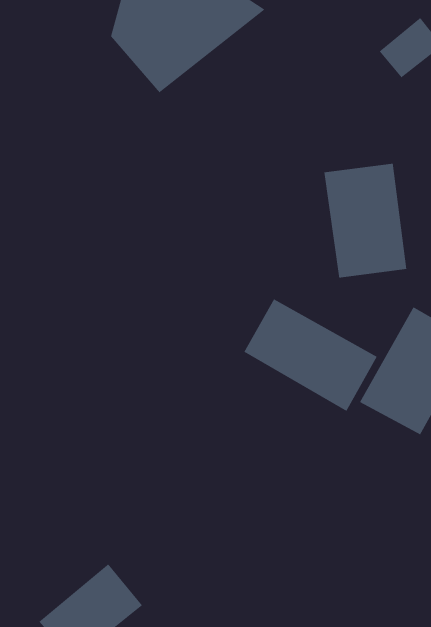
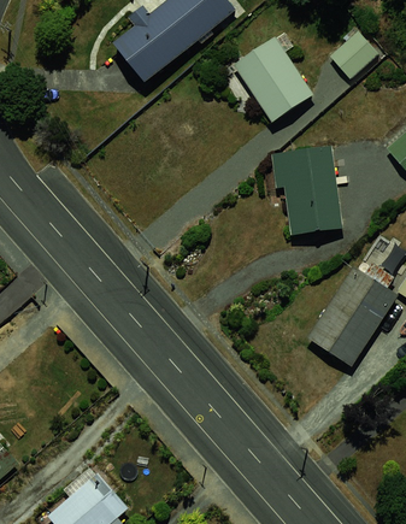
building: none -> [233,40,313,125]
building: [243,298,378,412] -> none

